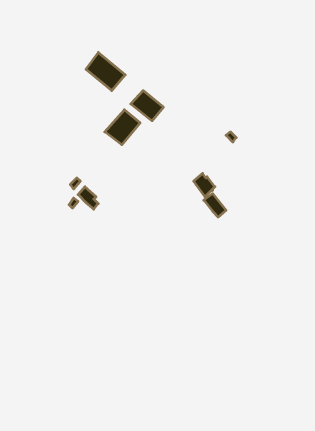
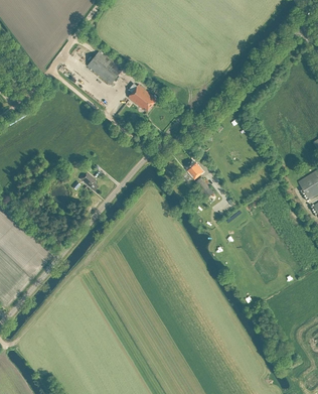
building: [105,110,140,145] -> none

